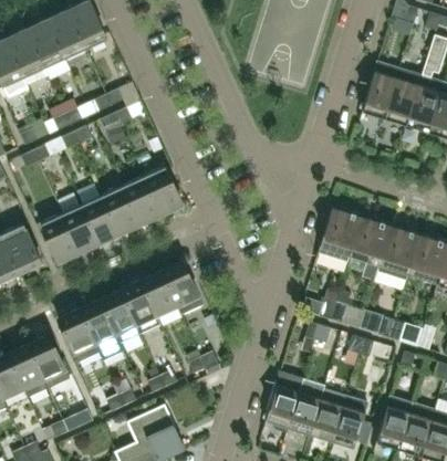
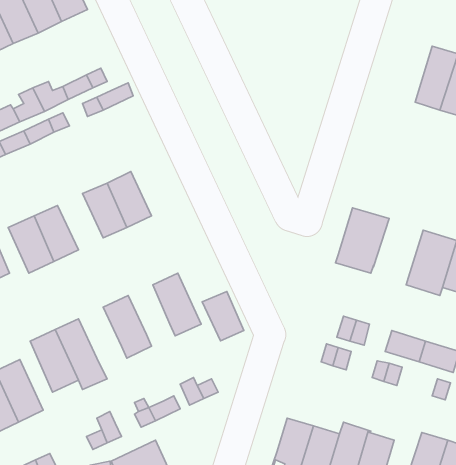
building: [358,62,399,121] -> none
building: [144,166,183,213] -> none
building: [76,184,121,242] -> none
building: [350,216,392,265] -> none
building: [142,272,177,314] -> [202,291,244,341]
building: [100,291,141,343] -> none

